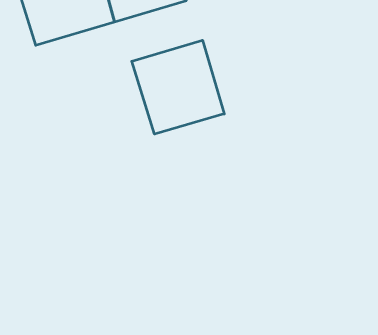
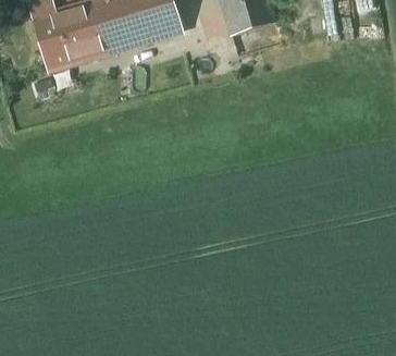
building: [132,40,224,134] -> none

